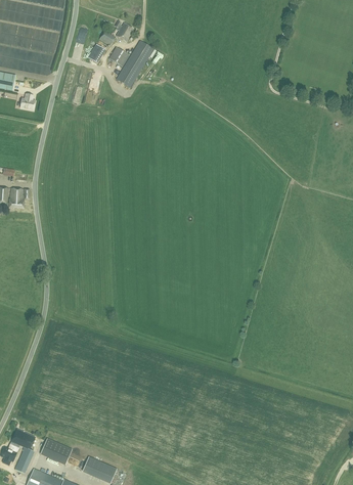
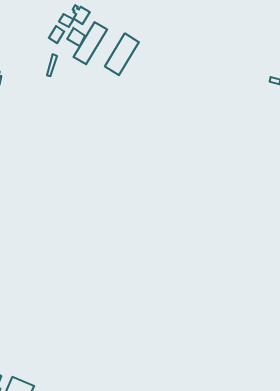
building: none -> [105,33,139,75]

